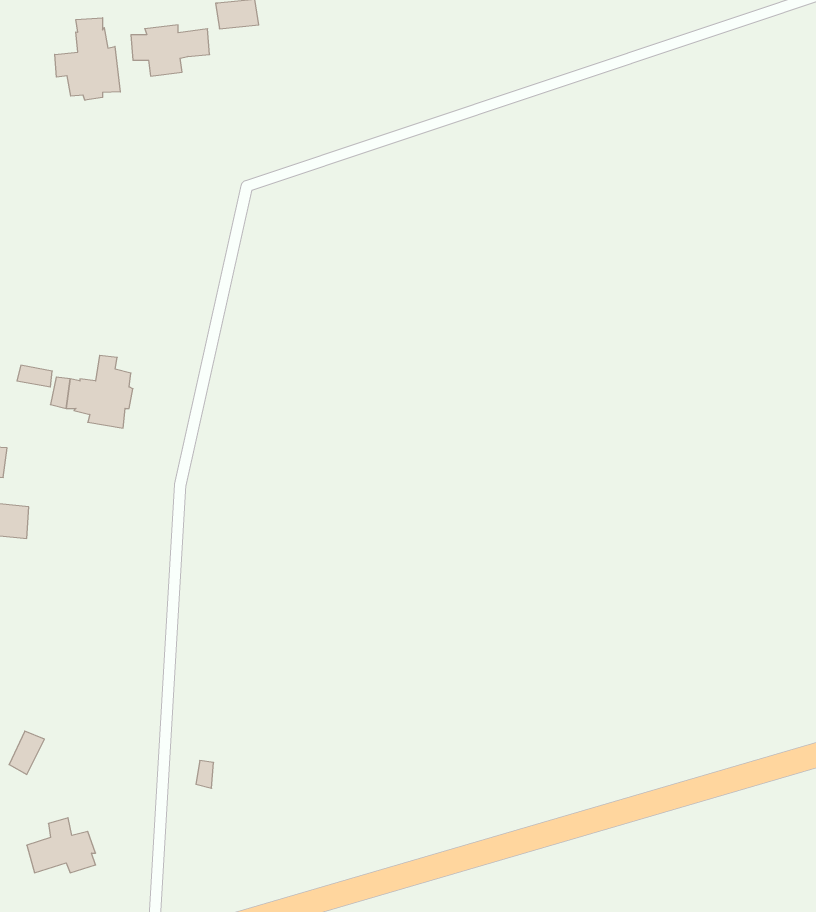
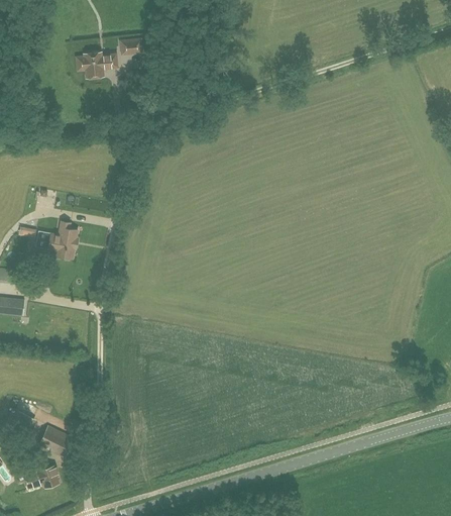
building: [55,18,120,100] -> none
building: none -> [37,426,73,457]

